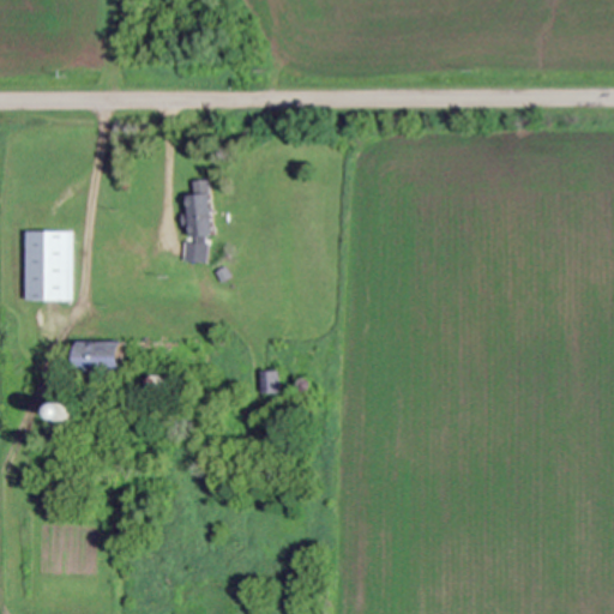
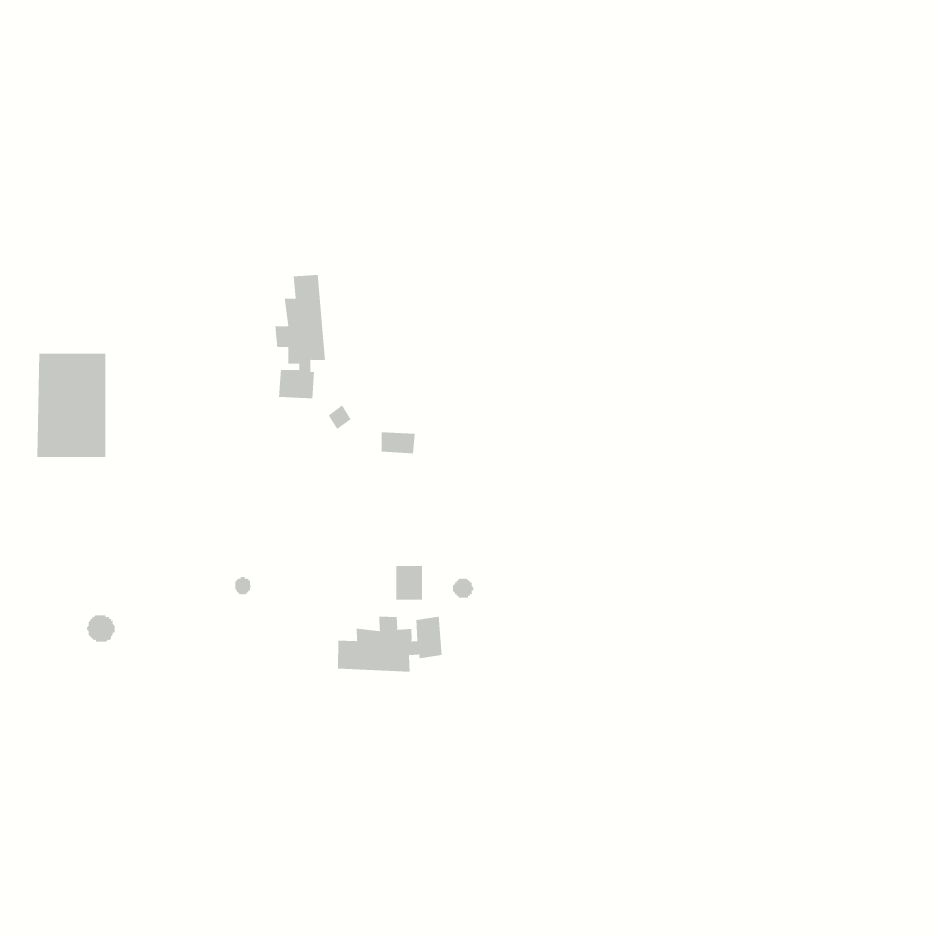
building: [74,341,122,371] -> none
building: none -> [337,616,442,673]

